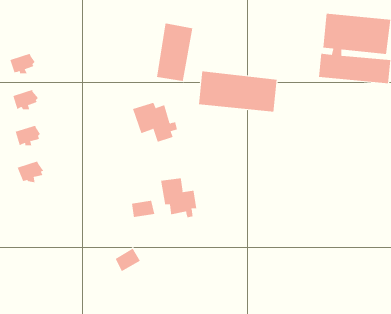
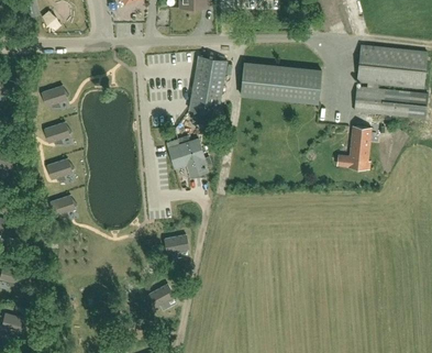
building: [198,71,278,112] -> [240,63,320,104]
building: none -> [336,126,370,169]
building: [160,177,197,218] -> none

